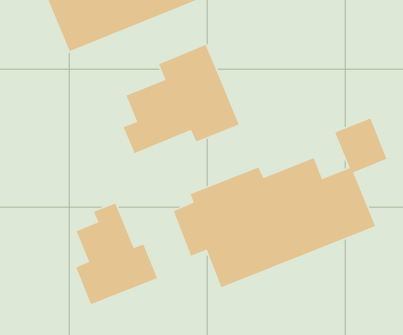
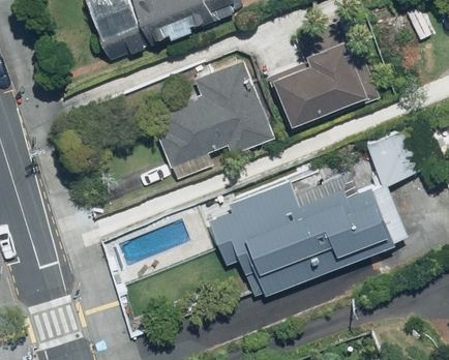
building: none -> [273,38,368,126]
building: [75,202,158,305] -> none

